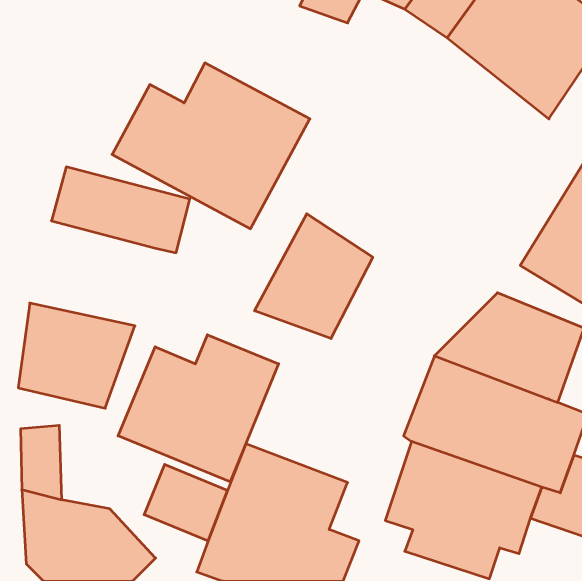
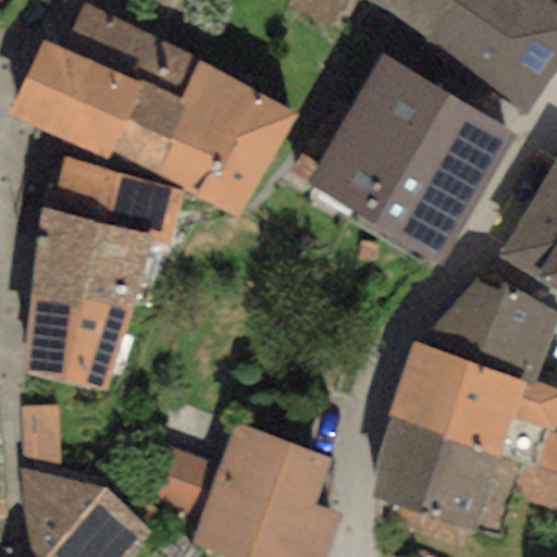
building: none -> [9,4,197,158]
building: none -> [308,54,513,260]
building: [255,214,373,339] -> none
building: none -> [30,208,150,310]
building: [118,335,279,482] -> none

